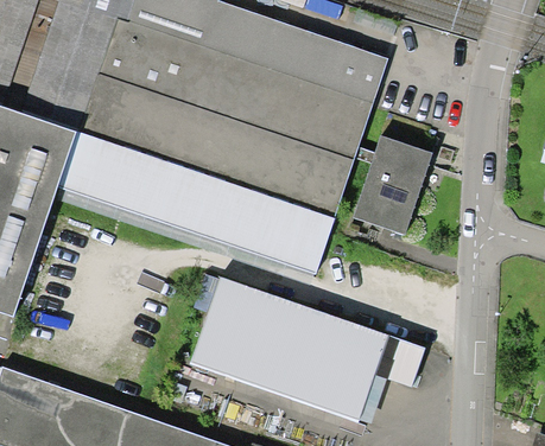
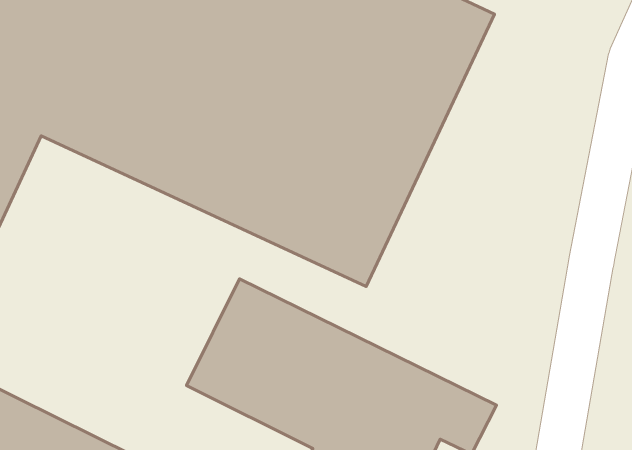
building: [353,134,432,234] -> none

